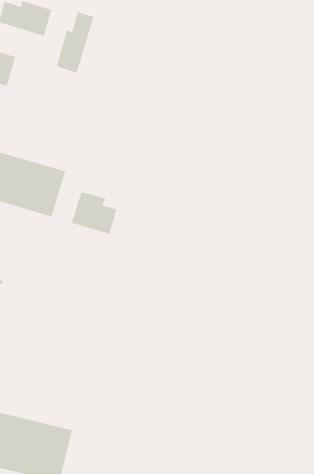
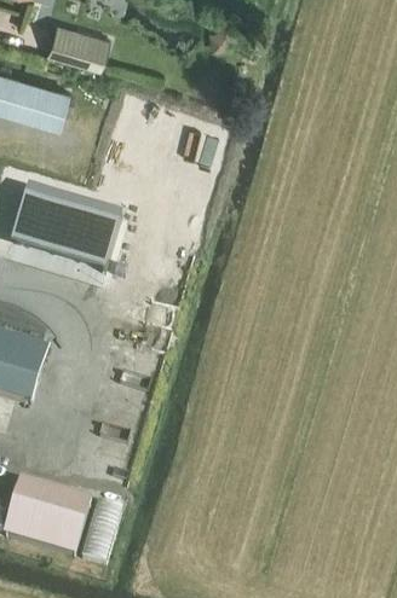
building: [56,11,95,74] -> none
building: [71,191,117,235] -> none

